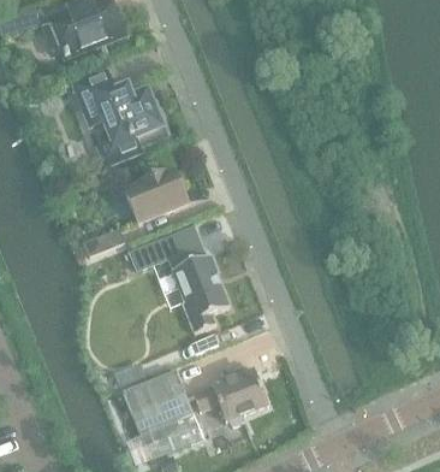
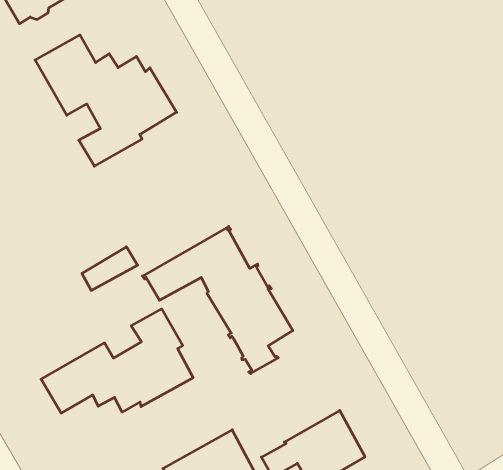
building: [123,167,188,222] -> none
building: none -> [41,309,193,413]

